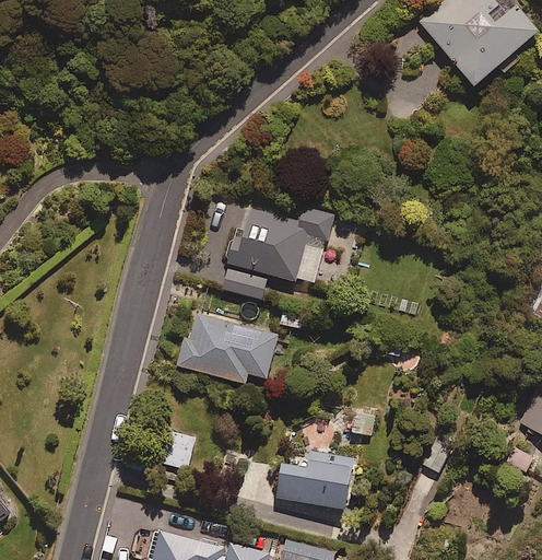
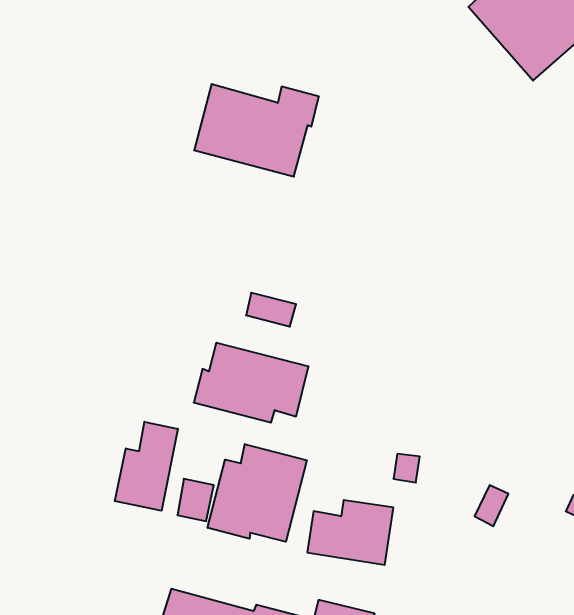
building: [226,206,335,287] -> [194,84,319,177]
building: none -> [115,422,178,511]
building: none -> [208,444,307,542]

